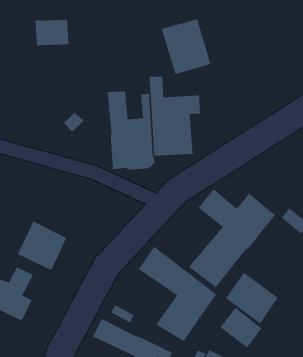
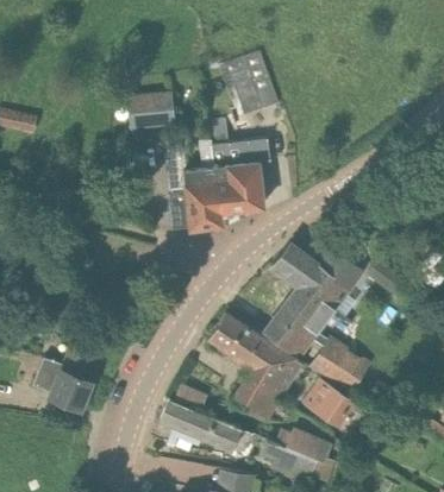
building: [34,19,70,46] -> [132,95,174,127]
building: [17,221,67,271] -> none

